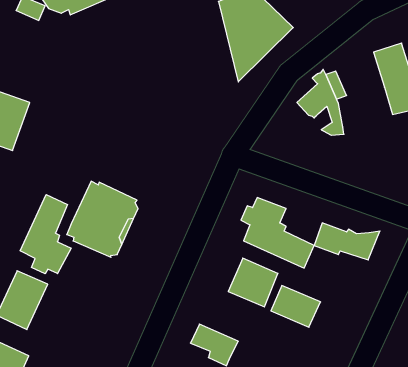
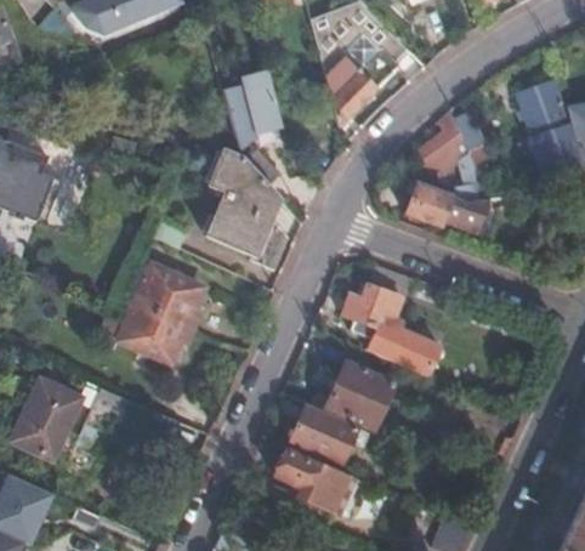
building: none -> [222,68,284,138]
building: none -> [208,150,279,255]
building: [20,195,71,274] -> none
building: [314,223,380,260] -> [407,183,495,233]
building: [271,286,321,327] -> [291,408,358,464]

